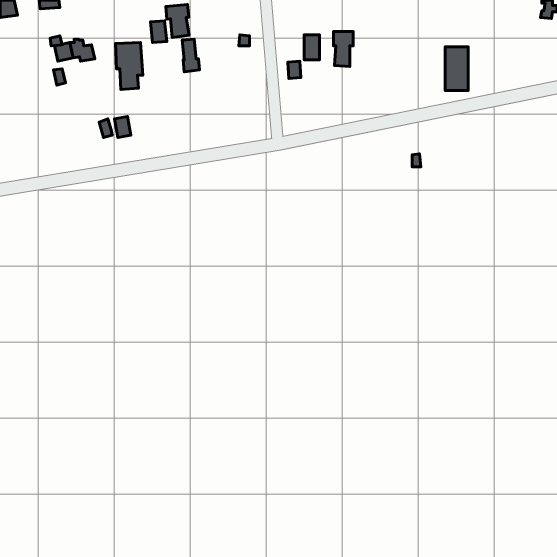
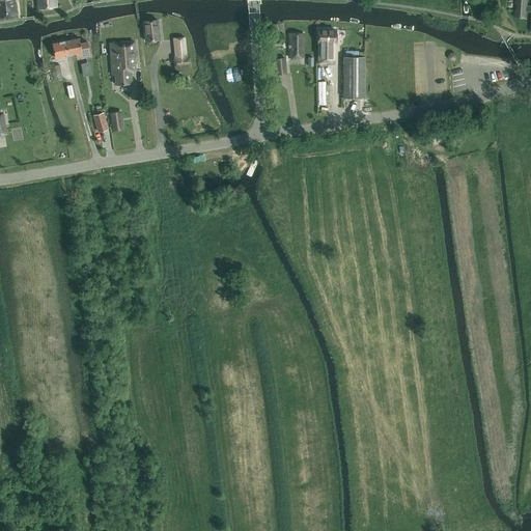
building: [166,4,189,38] -> none
building: [445,47,468,90] -> [343,56,365,97]

